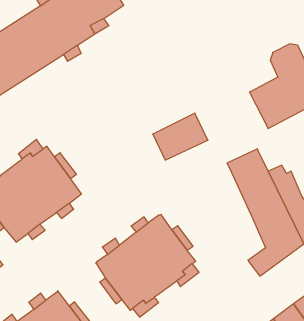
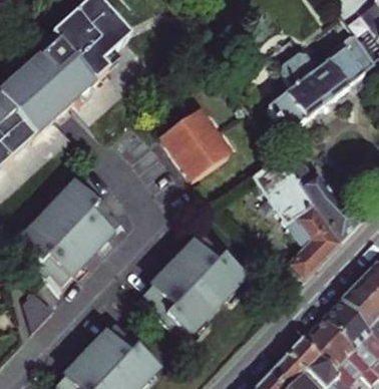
building: none -> [161,110,214,158]

